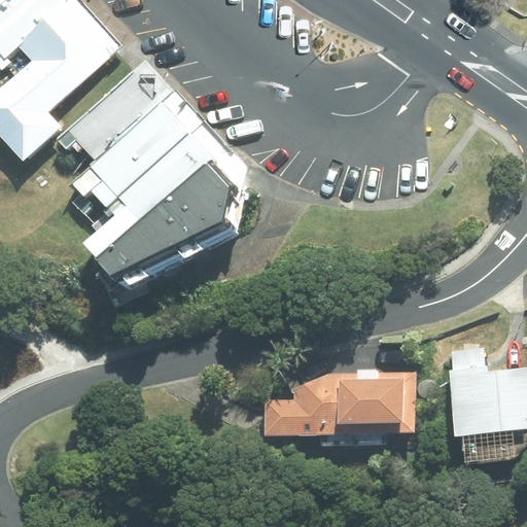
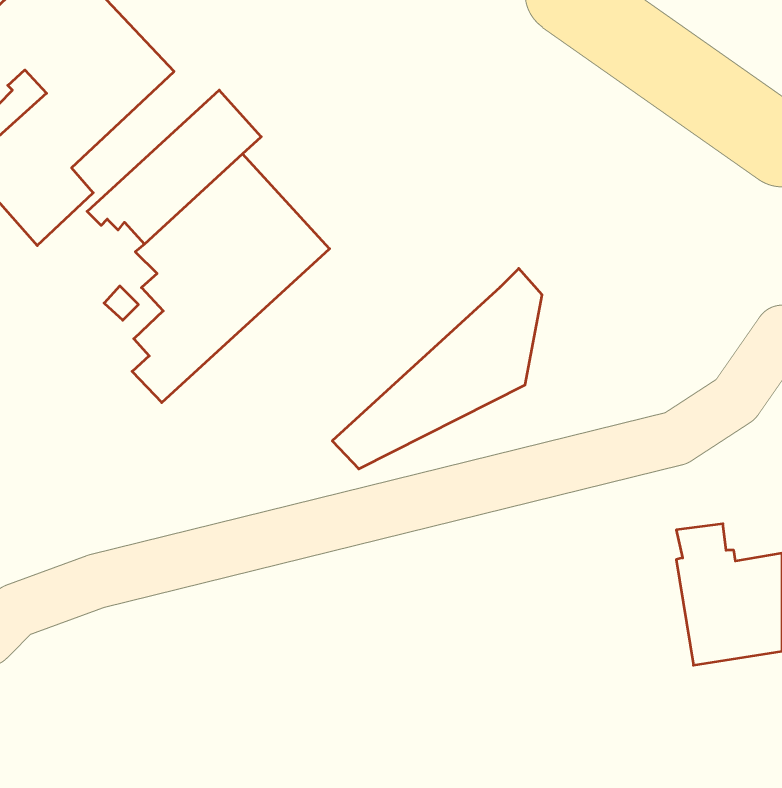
building: [107,152,246,285] -> [332,268,542,469]
building: [267,370,416,437] -> none

